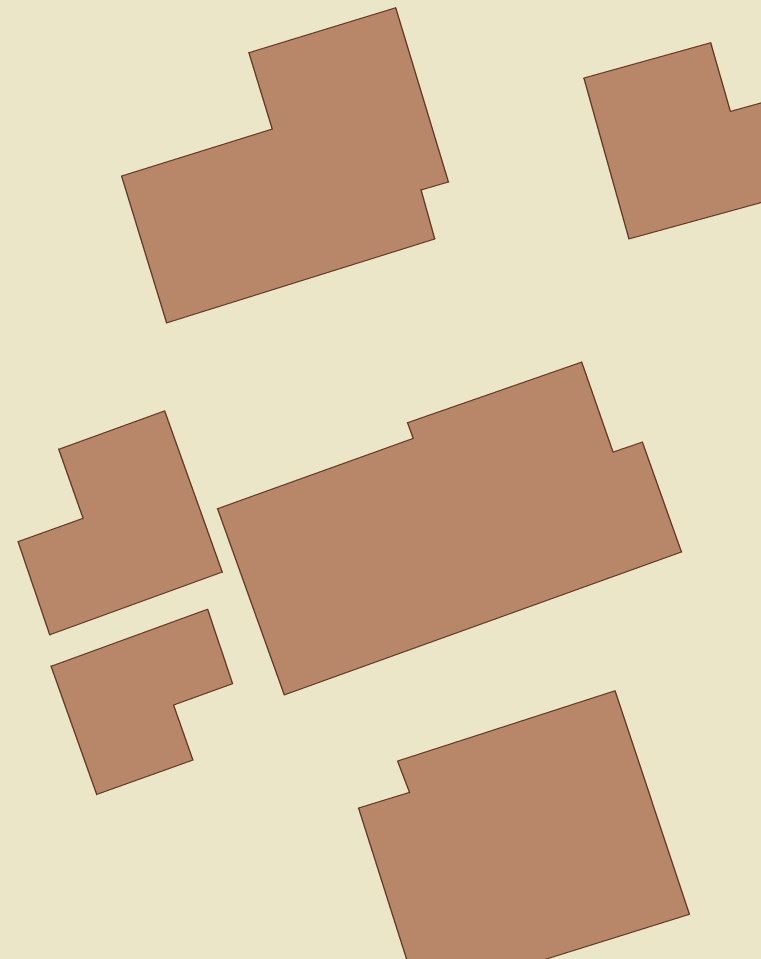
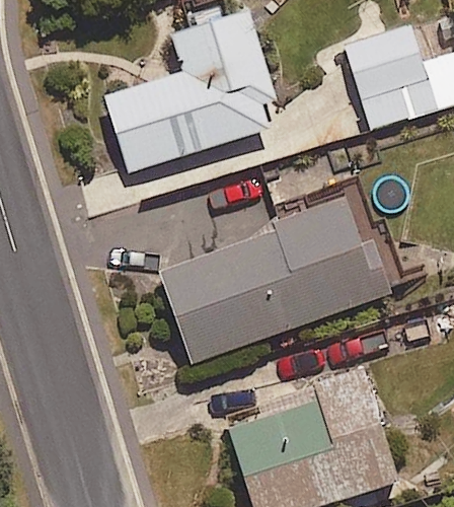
building: [18,411,222,635] -> none
building: [51,609,233,795] -> none

